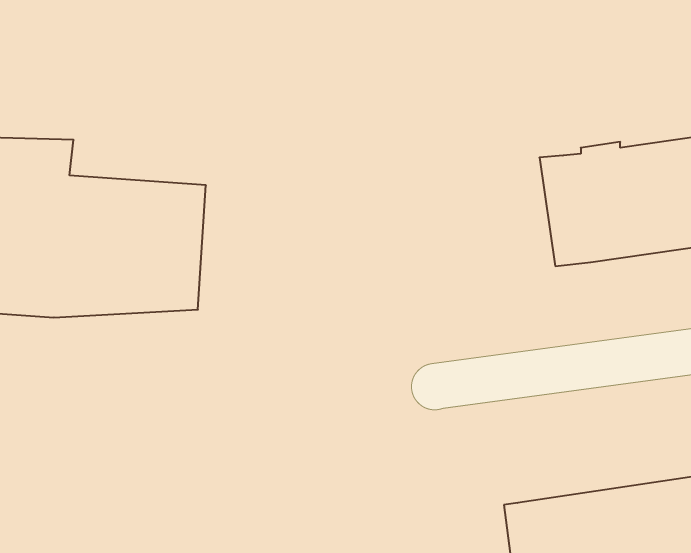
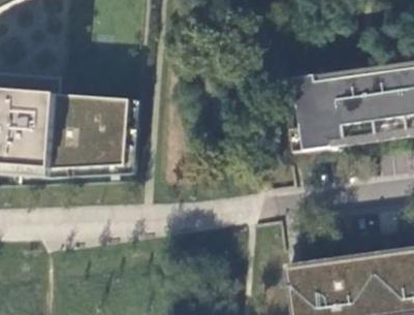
building: none -> [292,74,330,151]

